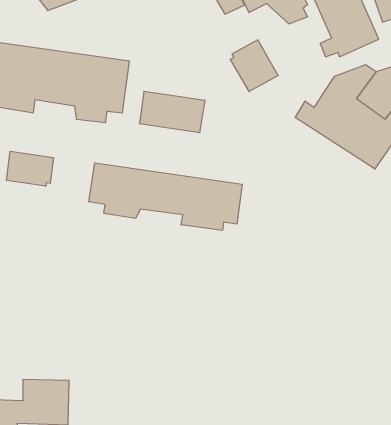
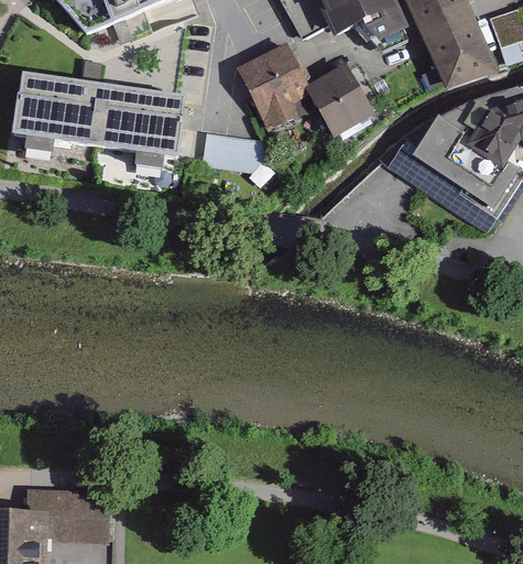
building: none -> [237,44,315,129]
building: [7,151,53,186] -> none
building: [89,163,242,230] -> none

